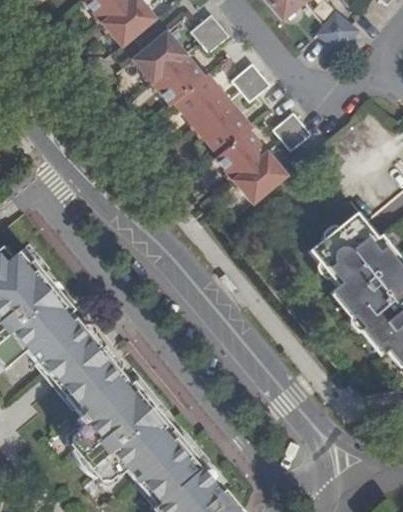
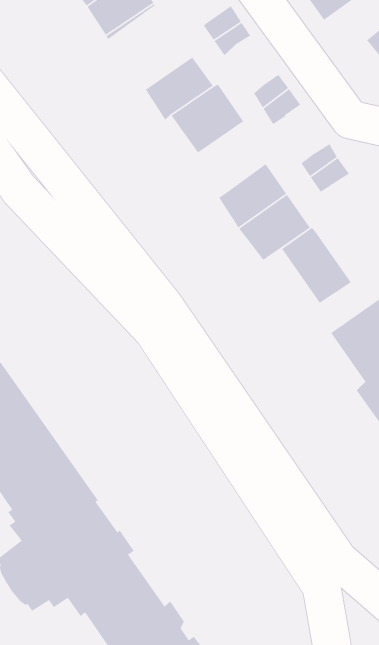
building: [134,31,187,82] -> none
building: [197,100,252,155] -> none
building: none -> [281,227,352,304]

